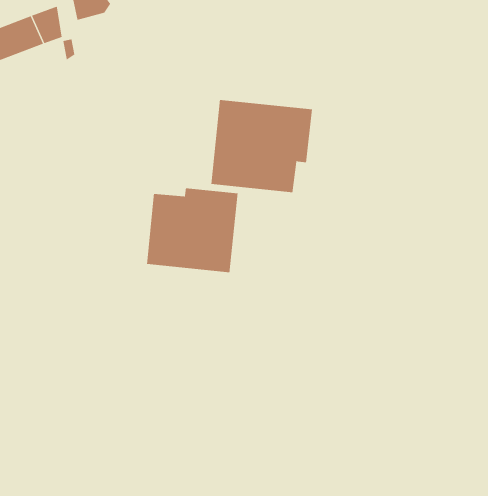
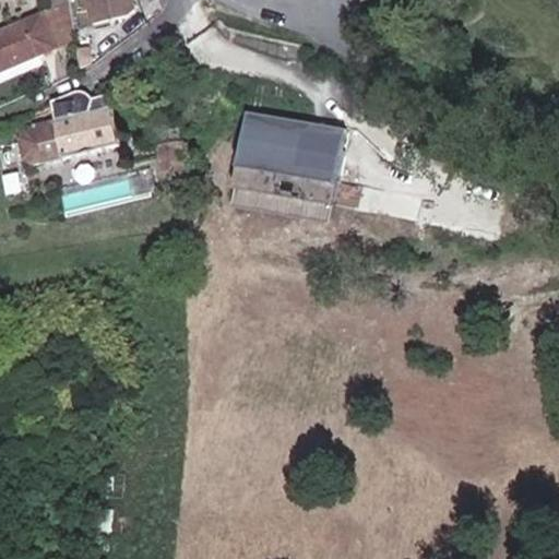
building: none -> [11,95,111,164]
building: [146,187,238,273] -> none

